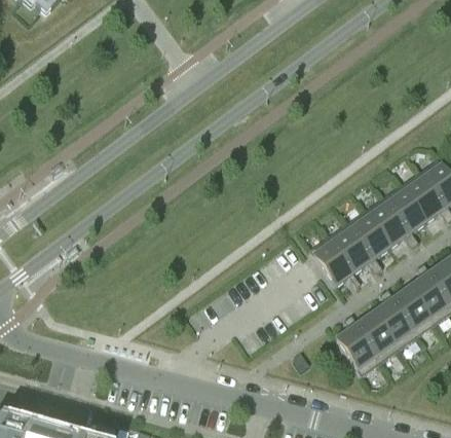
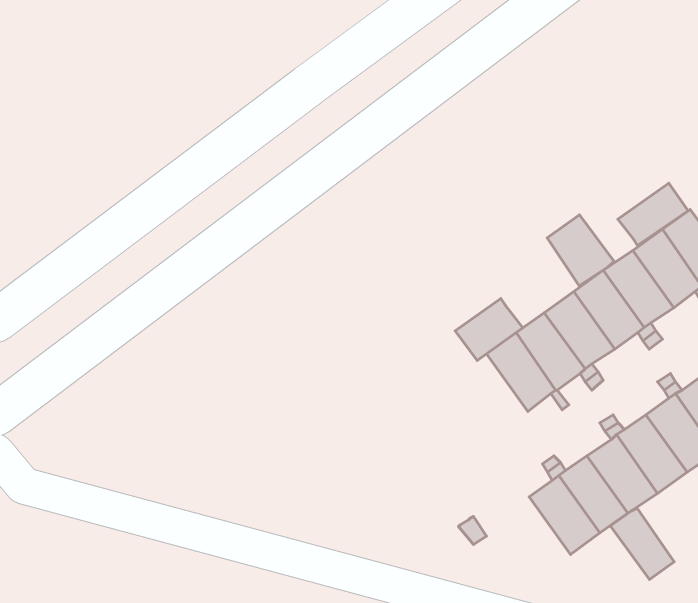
building: none -> [618,183,688,245]
building: none -> [547,215,614,286]
building: none -> [455,298,523,360]
building: none -> [611,508,674,579]

